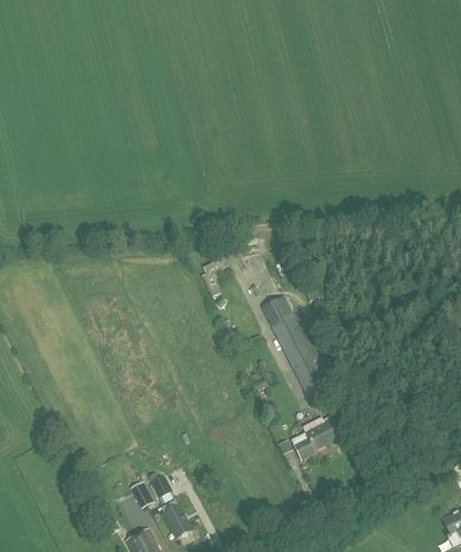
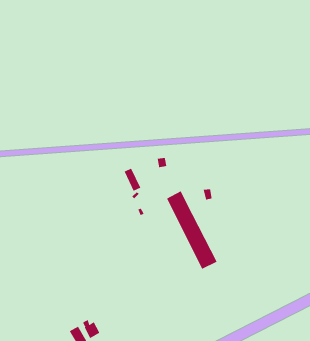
building: [293,418,342,458] -> none

